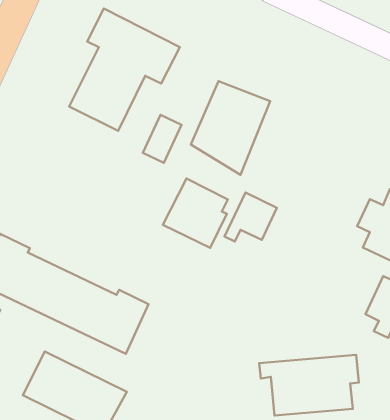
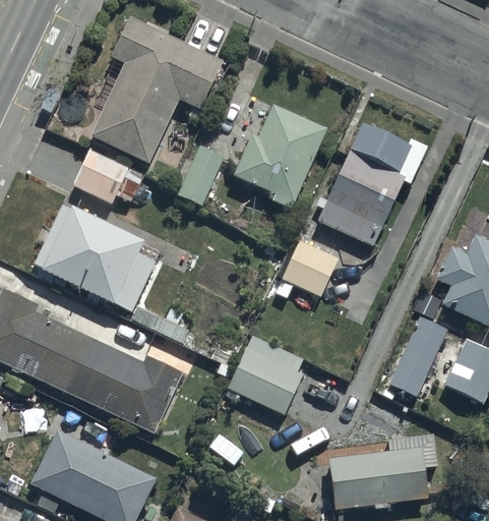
building: none -> [317,123,427,246]
building: none -> [73,148,143,205]
building: none -> [32,202,161,314]
building: [163,179,228,248] -> [226,333,304,416]
building: none -> [387,316,446,397]

